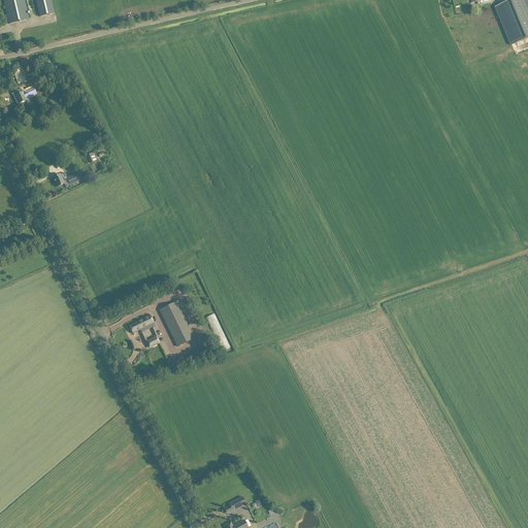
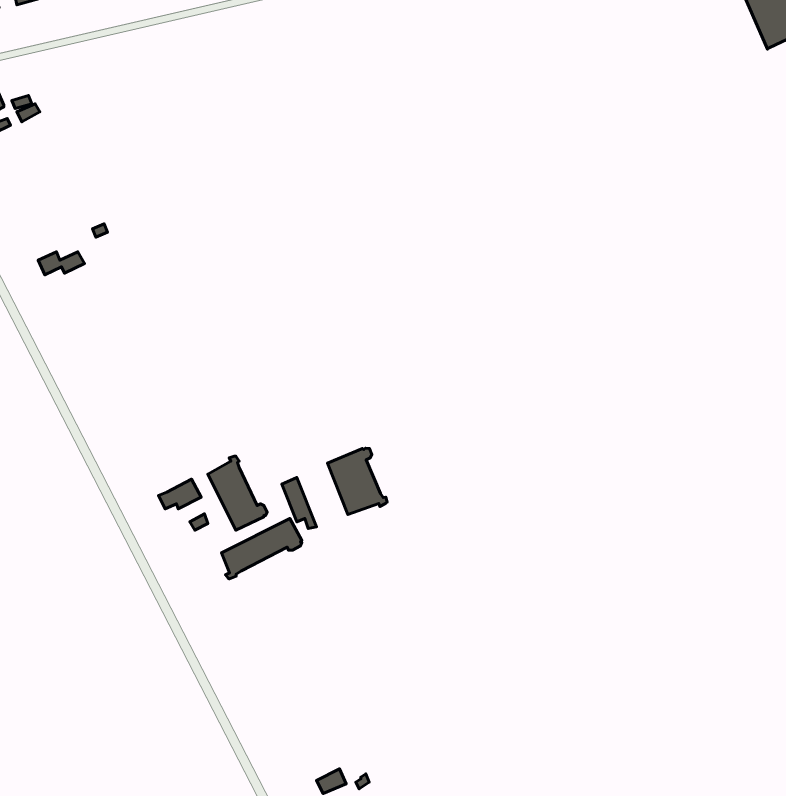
building: none -> [327,448,387,514]
building: none -> [222,519,302,579]

